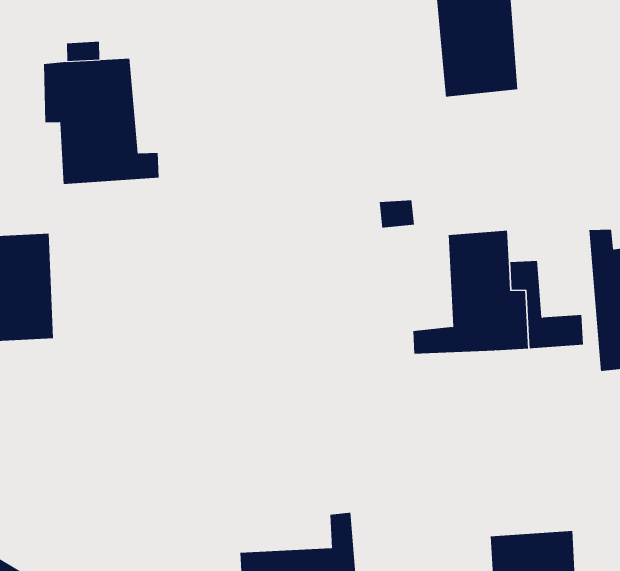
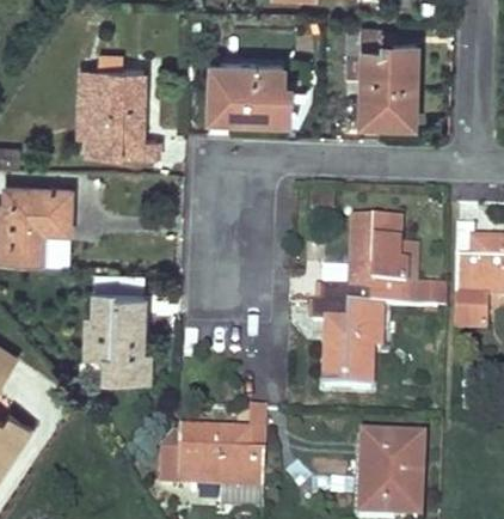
building: none -> [209,66,291,121]
building: none -> [312,304,381,392]
building: none -> [84,289,152,372]

